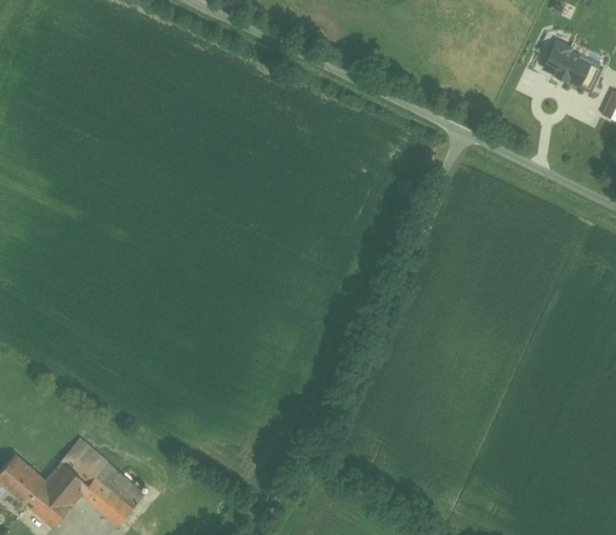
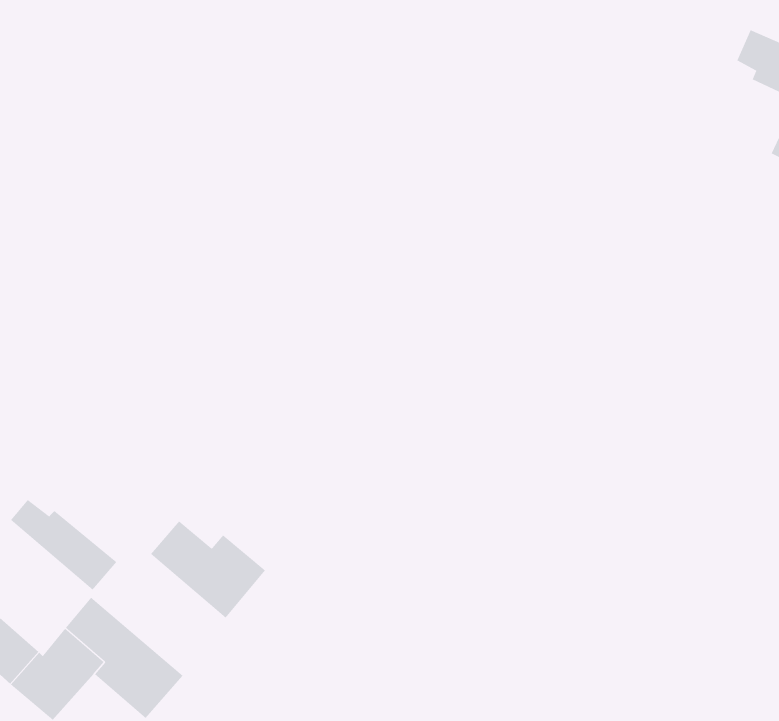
building: none -> [10,499,117,591]
building: none -> [150,521,266,619]

